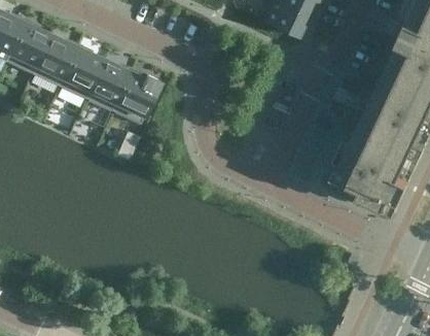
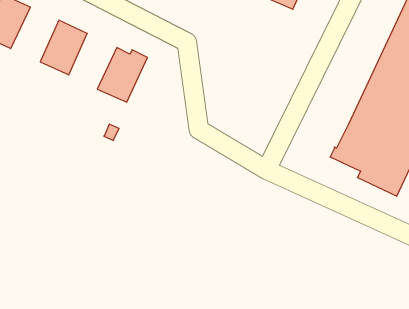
building: [31,34,76,86] -> none
building: [85,59,131,111] -> none

